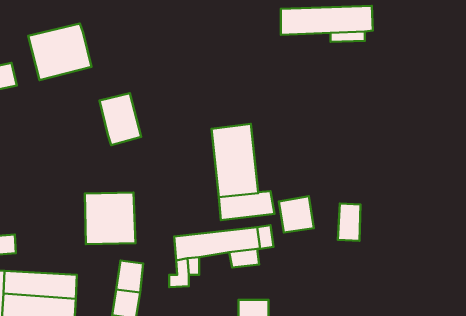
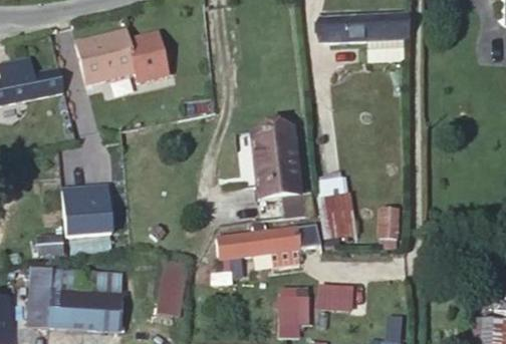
building: [100,93,141,145] -> [130,33,170,83]
building: [85,193,136,244] -> [61,184,110,234]
building: none -> [315,282,353,310]

